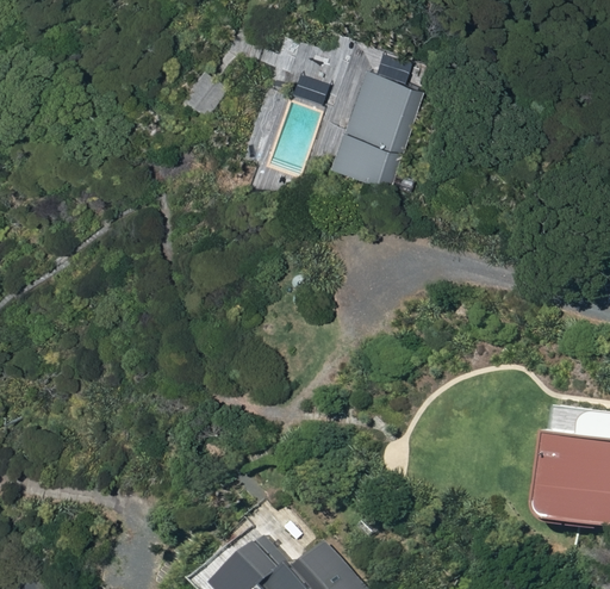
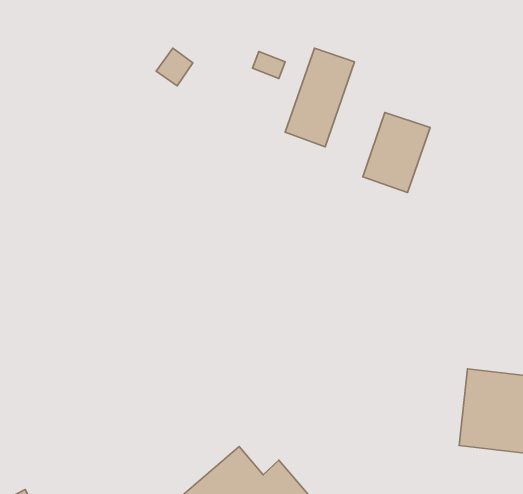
building: none -> [363,112,430,192]

